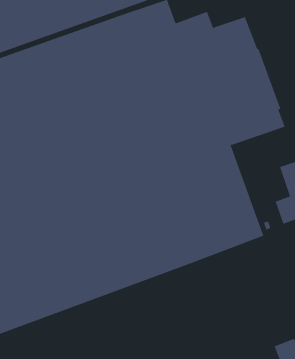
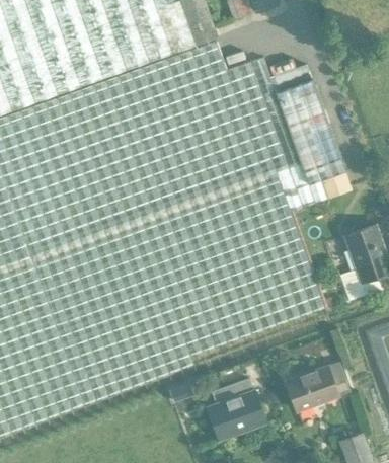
building: none -> [285,361,349,410]
building: none -> [206,377,264,440]

